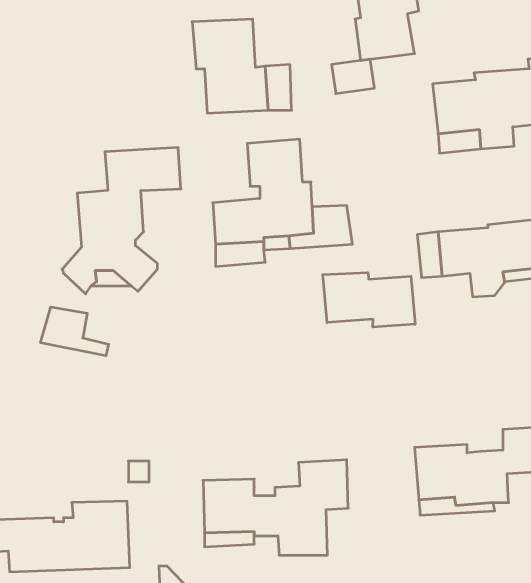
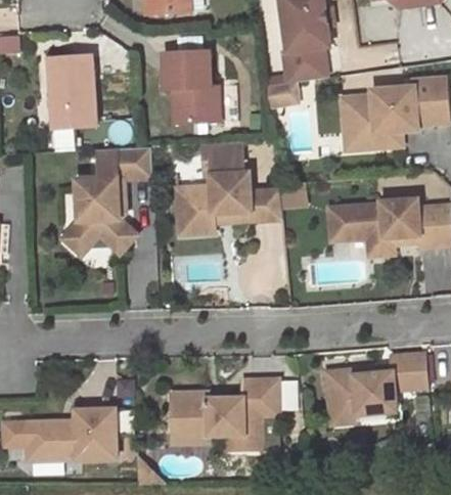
building: none -> [46,58,92,129]
building: [323,273,415,327] -> none
building: [41,307,109,356] -> none

